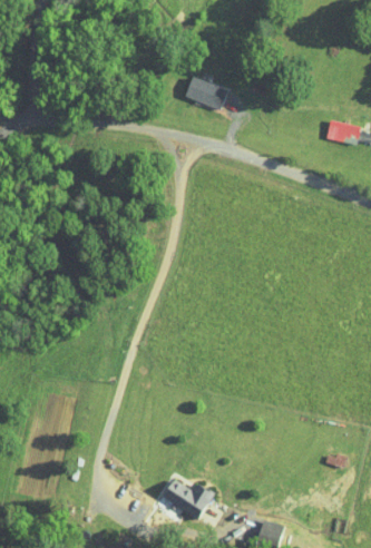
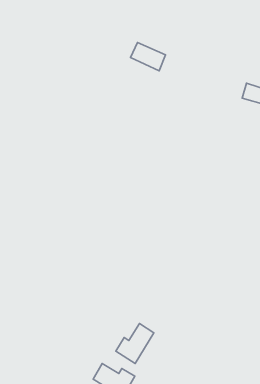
building: none -> [116,323,154,363]

